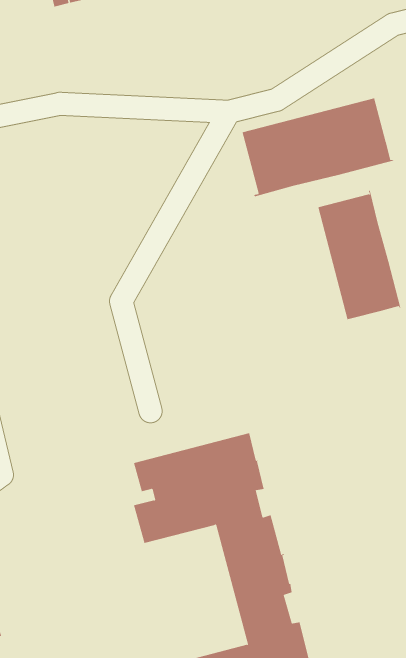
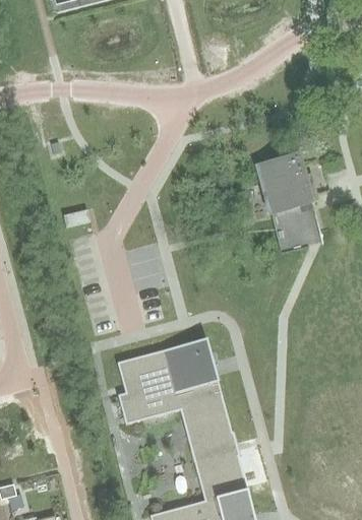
building: [242,98,394,197] -> none

